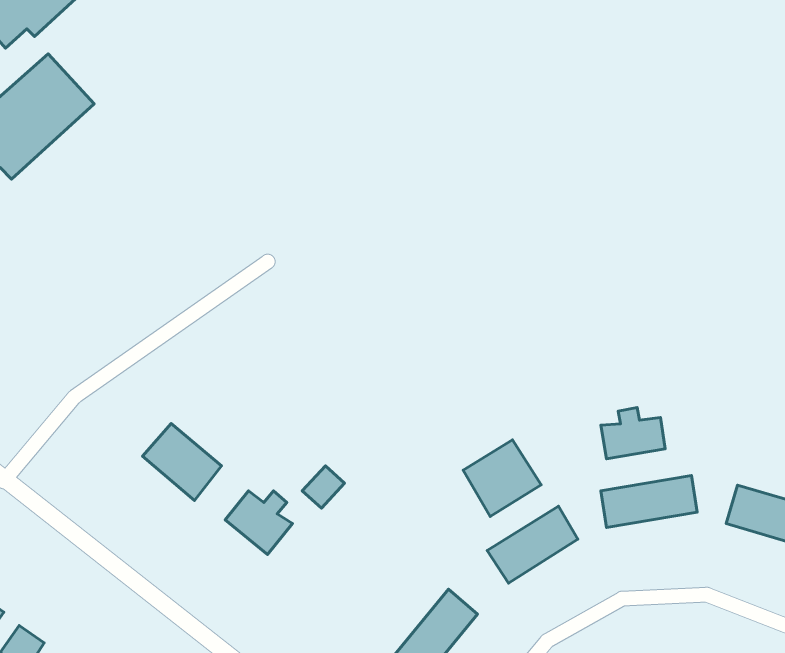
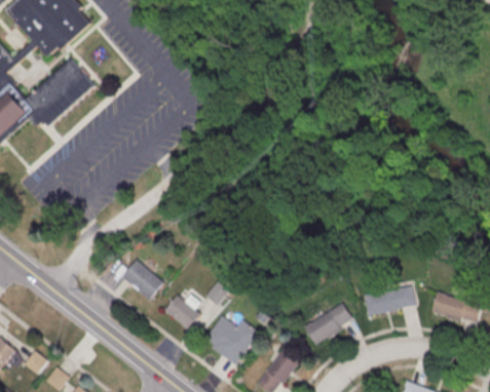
building: [601,408,665,459] -> none
building: [463,440,541,517] -> none
building: none -> [203,314,259,363]

